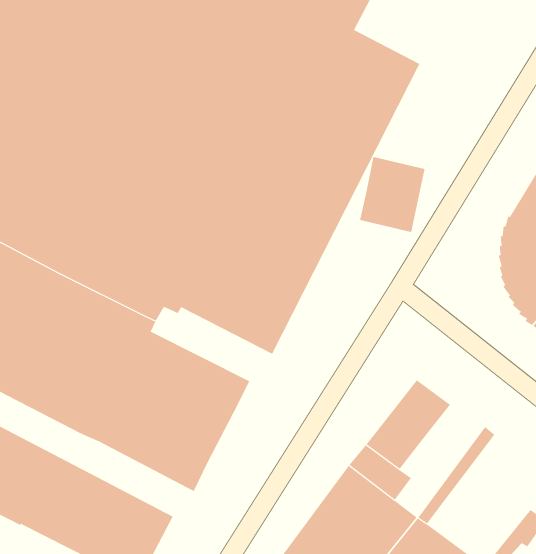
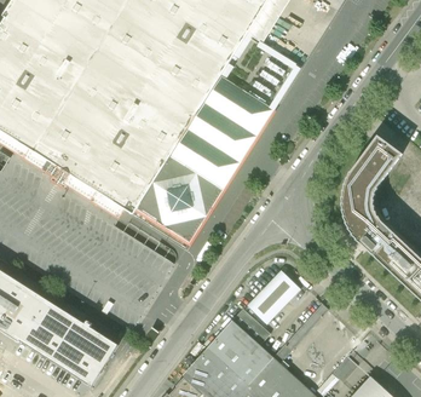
building: [359,156,425,233] -> none

